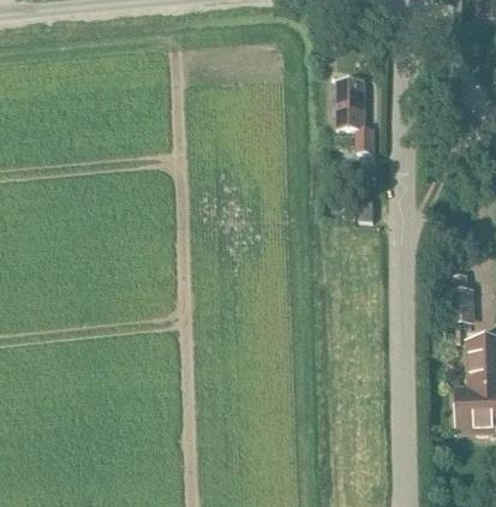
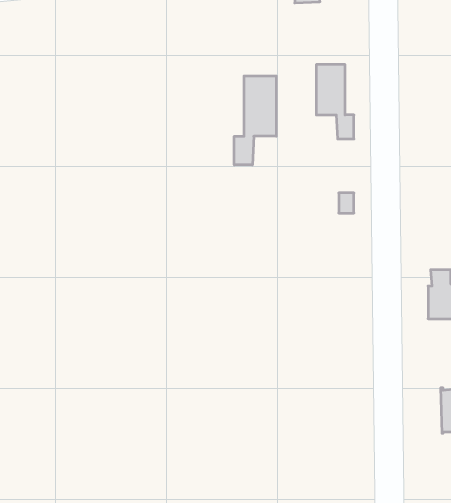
building: none -> [234,76,276,165]

